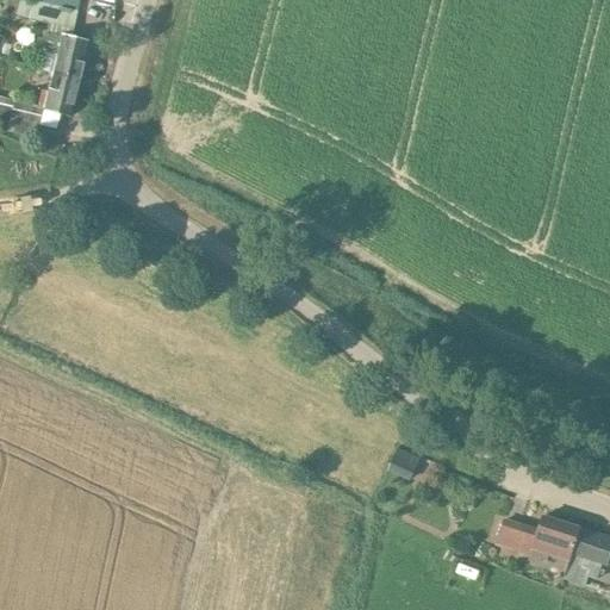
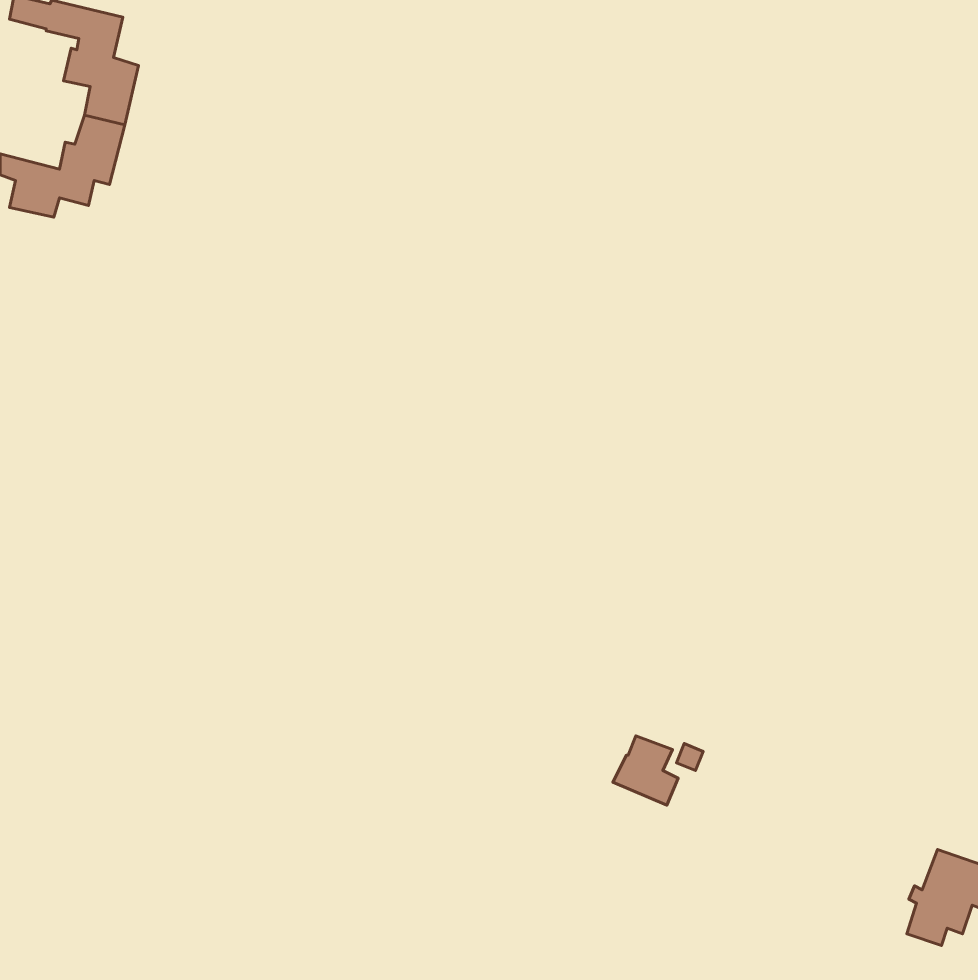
building: [533,513,584,558] -> none
building: [497,517,534,550] -> none

